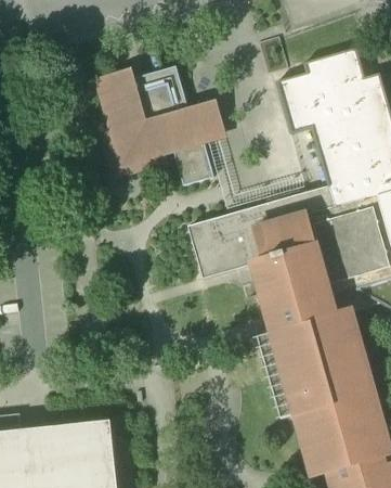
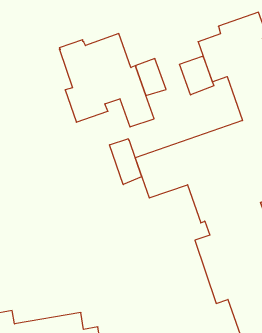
building: none -> [180,56,214,95]
building: none -> [110,139,142,185]

